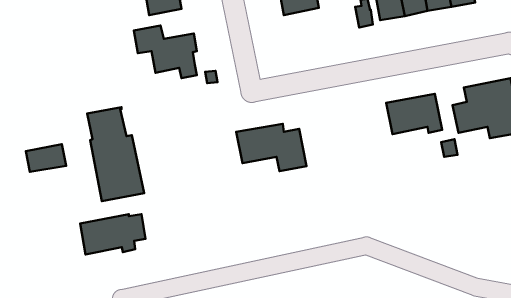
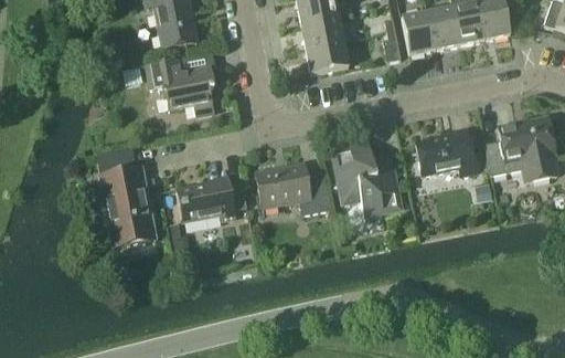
building: none -> [306,40,349,73]
building: none -> [333,145,398,213]
building: [26,144,66,172] -> none
building: [80,214,145,254] -> [177,178,246,221]

